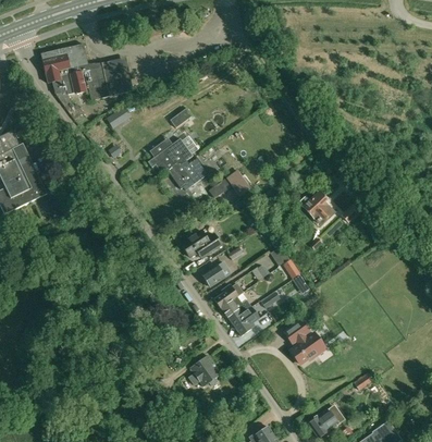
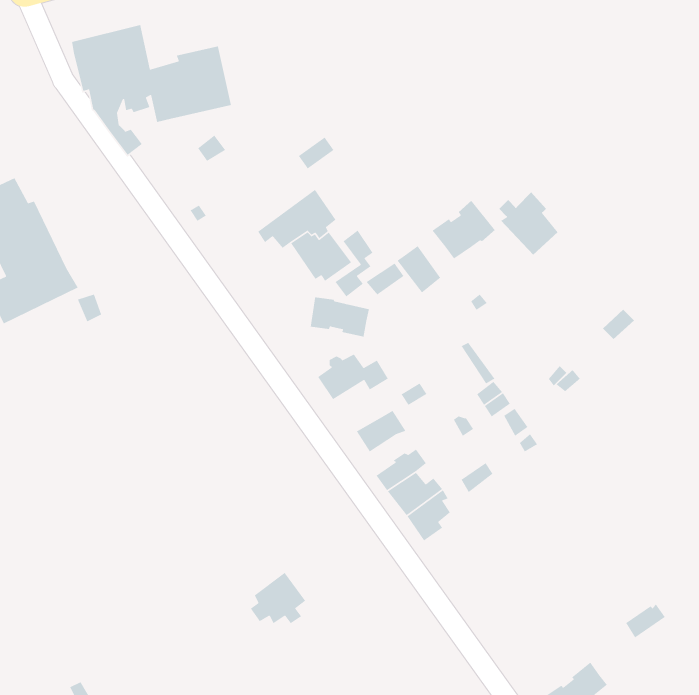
building: none -> [432,200,496,260]
building: [300,189,334,225] -> [498,192,558,255]
building: none -> [310,297,370,338]
building: [284,319,322,364] -> none
building: [188,356,220,385] -> [250,572,306,624]

